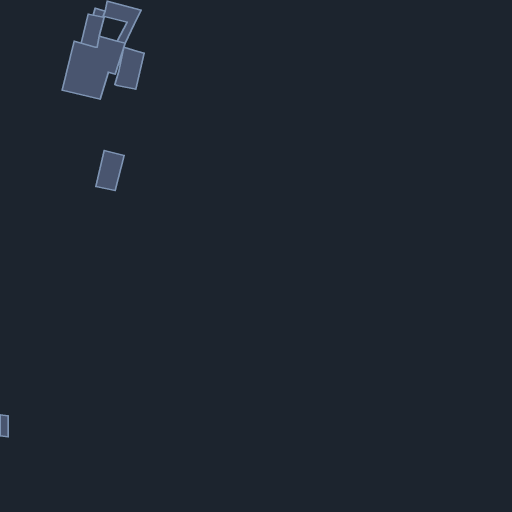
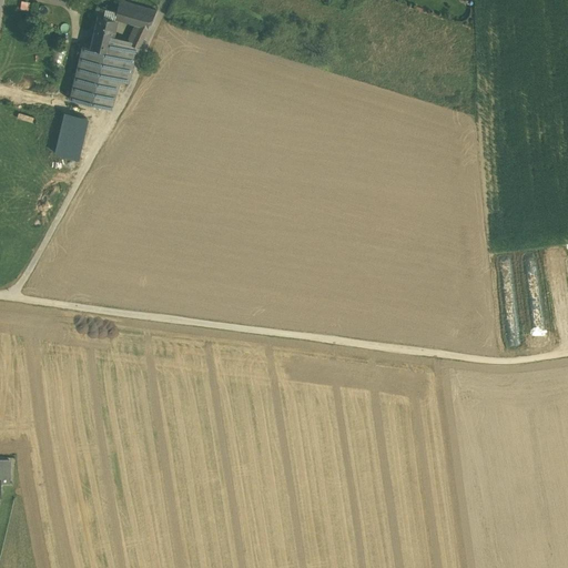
building: [115,47,144,89] -> none
building: [96,150,124,191] -> [55,113,87,158]

